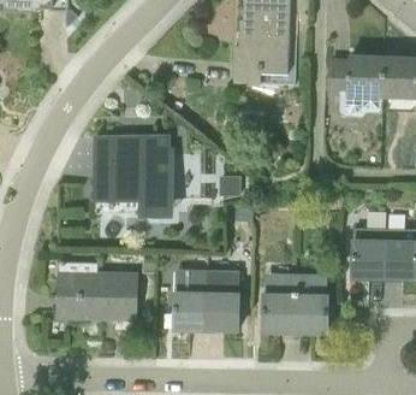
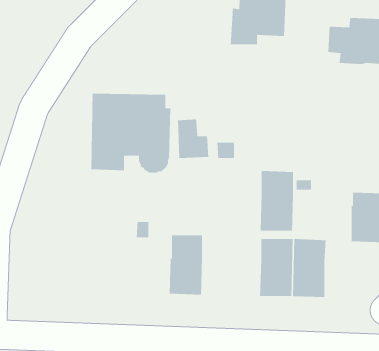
building: [206,270,239,330] -> [260,170,294,231]
building: [59,273,136,318] -> none

